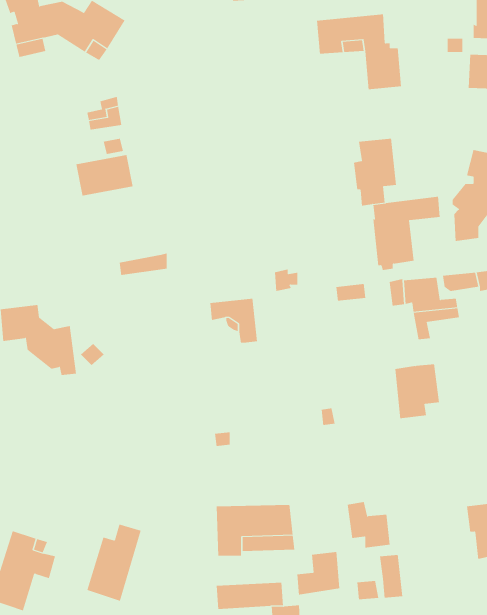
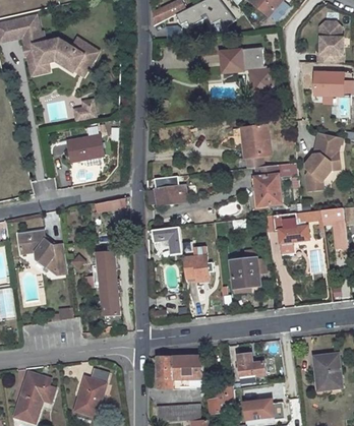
building: none -> [156,183,186,204]
building: none -> [93,252,120,316]
building: none -> [182,254,209,285]
building: [395,364,440,419] -> [231,258,259,293]

